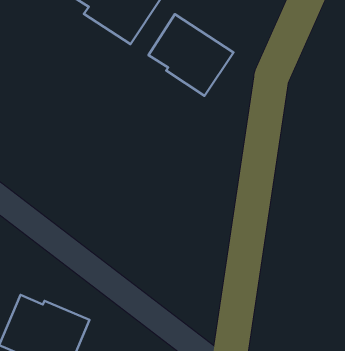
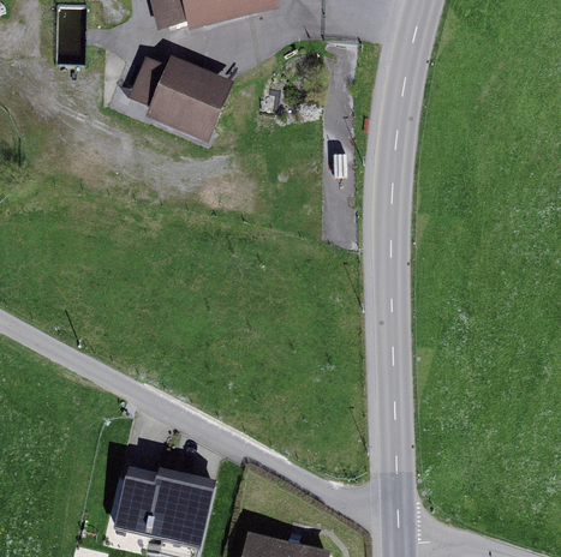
building: [149,14,233,96] -> none

